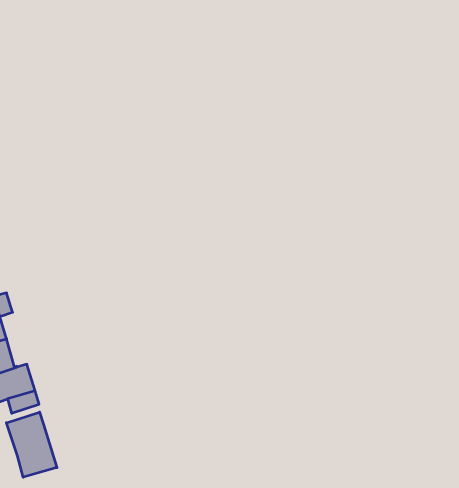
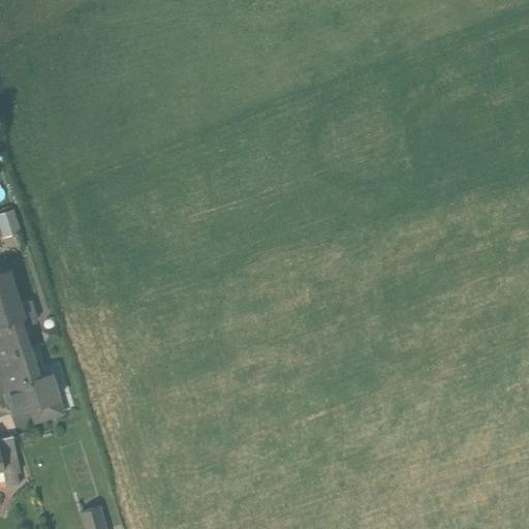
building: [6,412,57,477] -> none

